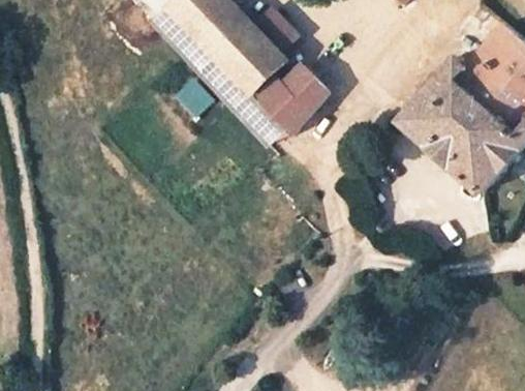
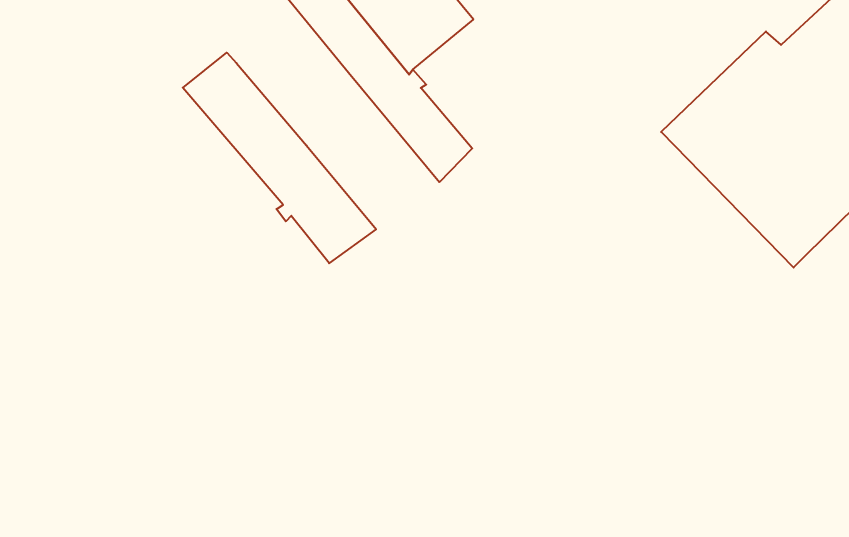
building: [260,65,330,133] -> none
building: none -> [183,53,376,263]

